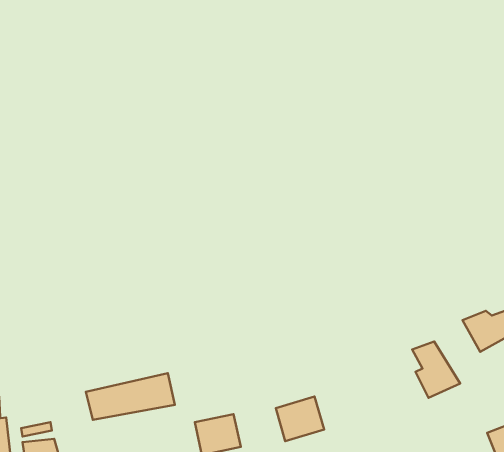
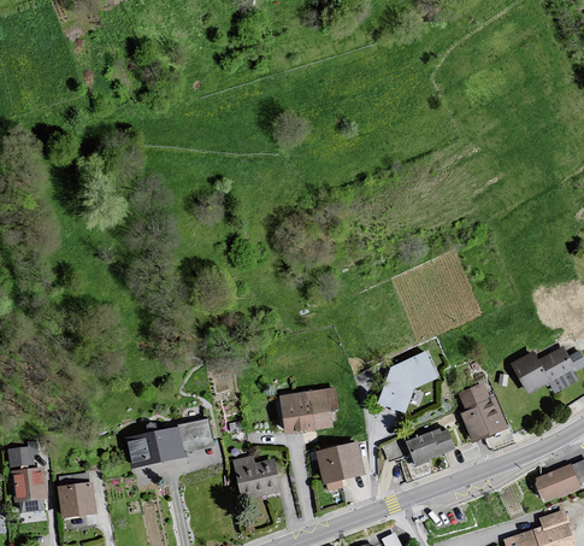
building: none -> [379,351,438,411]
building: none -> [277,387,341,434]
building: none -> [407,425,458,466]

